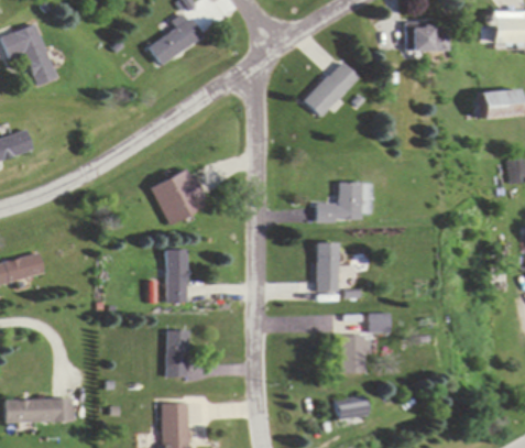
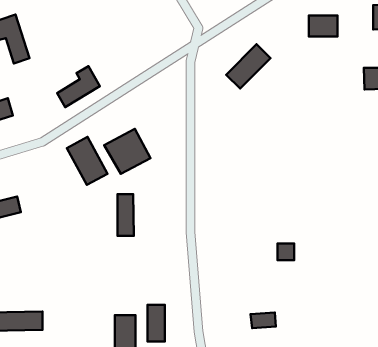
building: [147,11,201,63] -> [57,66,100,107]
building: none -> [67,137,107,185]
building: [317,182,362,221] -> none
building: [316,242,338,291] -> none
building: [167,331,189,378] -> [147,305,165,341]
building: [342,336,365,373] -> none

